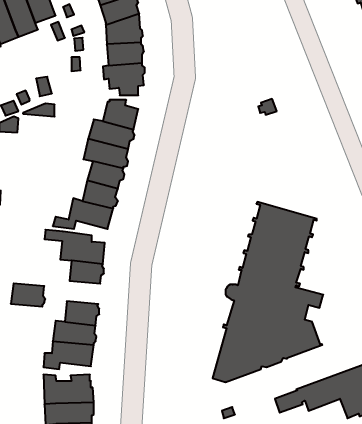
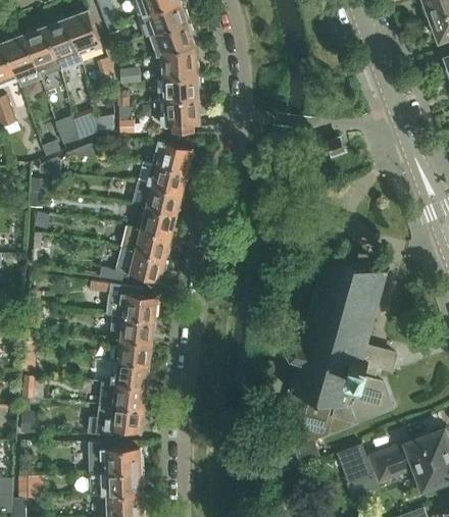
building: [11,283,45,307] -> [114,338,152,363]

